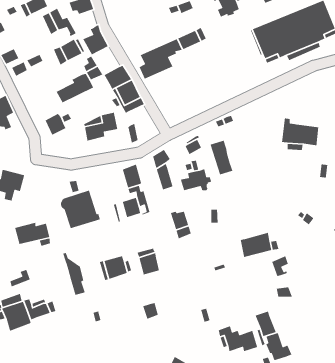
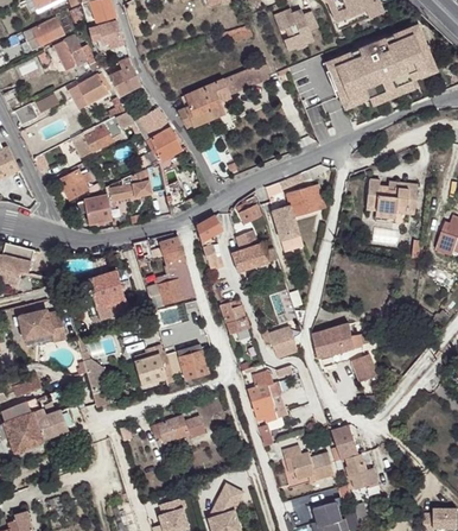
building: none -> [286,184,324,216]
building: none -> [83,196,112,225]
building: none -> [261,324,295,358]
building: none -> [248,371,285,421]
building: none -> [150,415,189,442]

